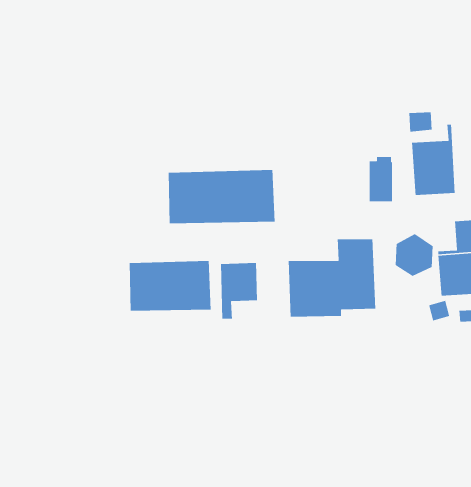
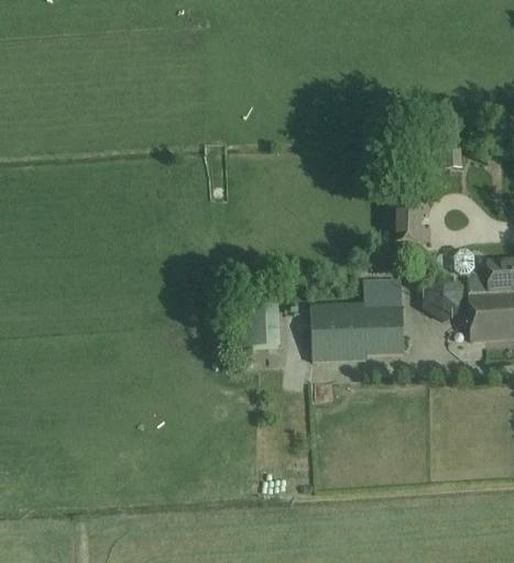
building: [411,124,455,196] -> none
building: [168,169,275,224] -> none
building: [129,260,211,312] -> none

